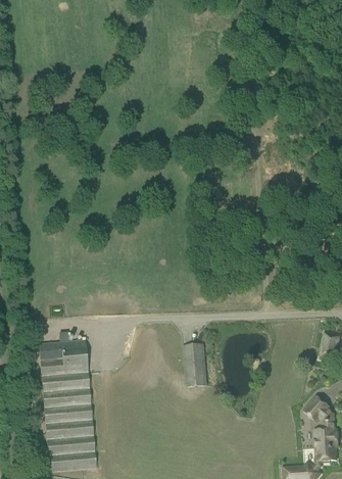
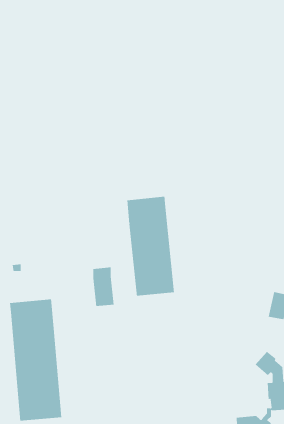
building: none -> [127,196,175,297]
building: [184,343,207,386] -> [93,267,114,307]

